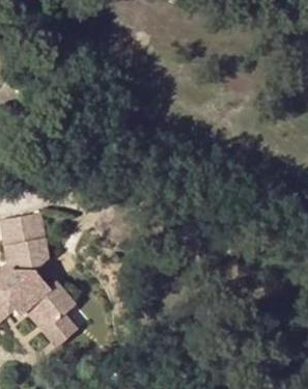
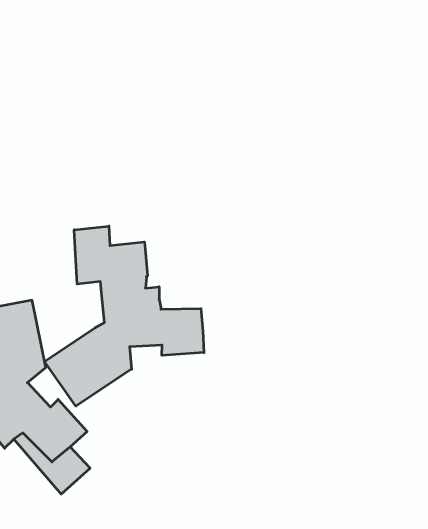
building: none -> [45,226,204,406]

